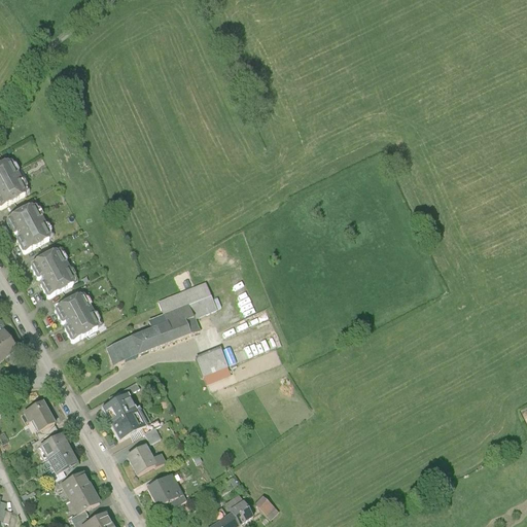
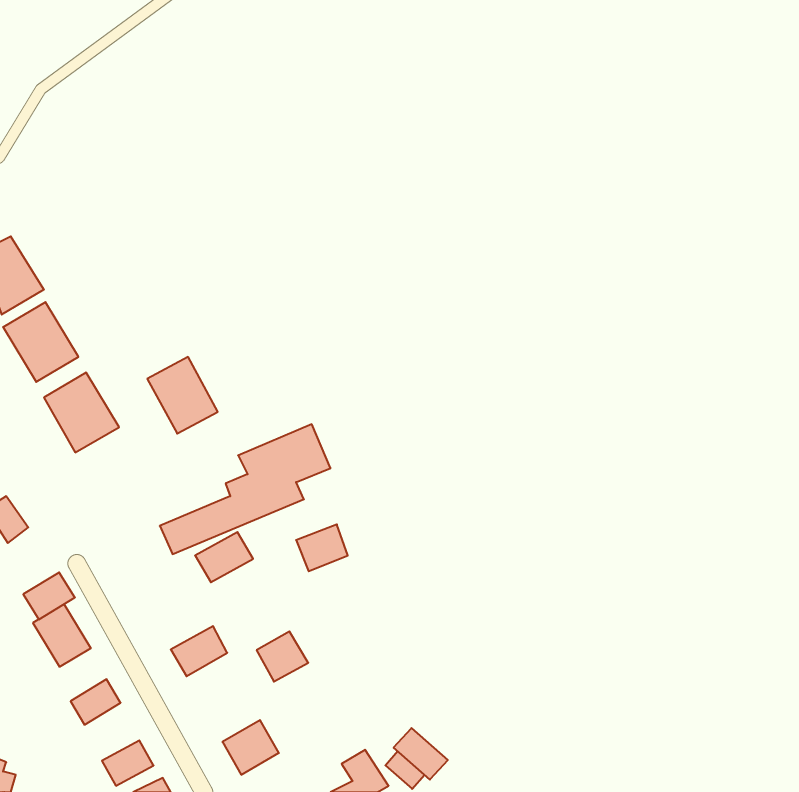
building: [54,290,100,341] -> [147,357,218,434]
building: [102,394,140,427] -> [195,532,253,582]
building: [36,430,70,461] -> [23,572,75,619]
building: [124,444,157,477] -> [257,631,308,682]
building: [59,471,92,500] -> none
building: none -> [394,728,448,780]

